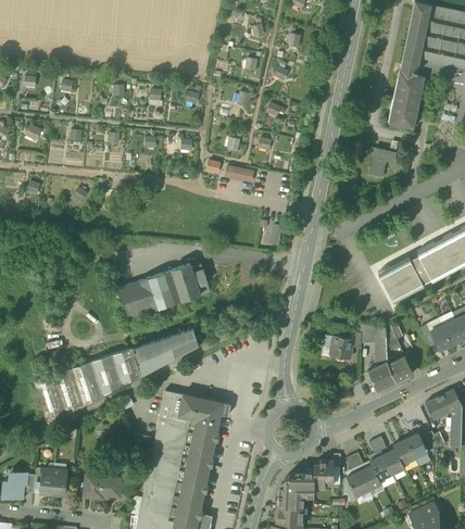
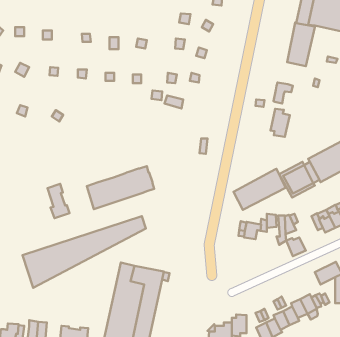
building: none -> [270,109,290,137]
building: none -> [233,169,286,210]
building: none -> [48,184,69,218]
building: [367,361,395,391] -> none

